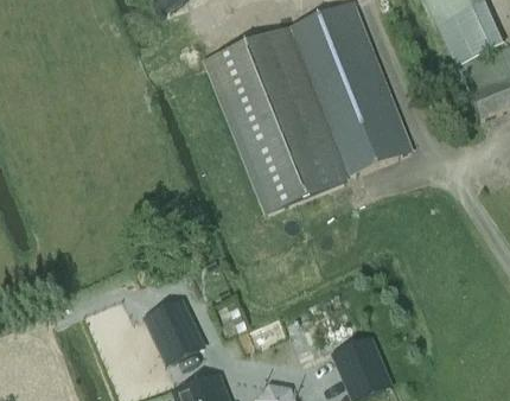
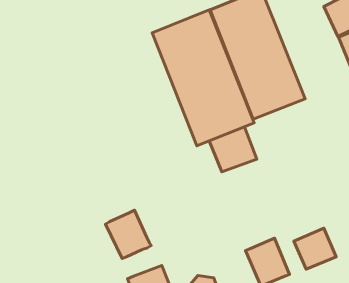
building: none -> [209,127,257,172]
building: none -> [294,228,336,269]

